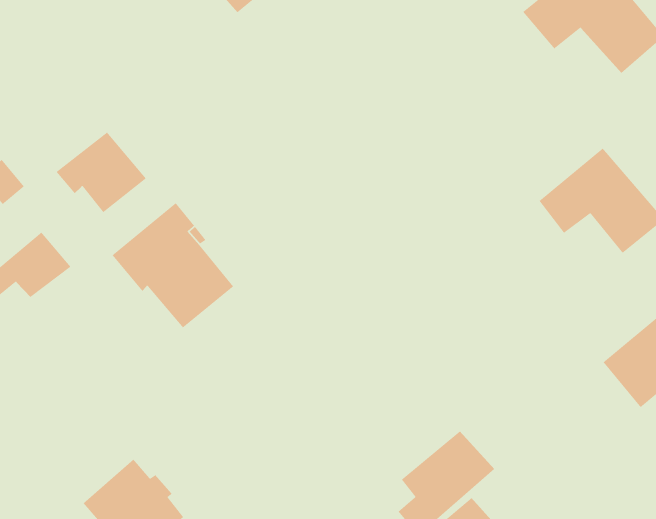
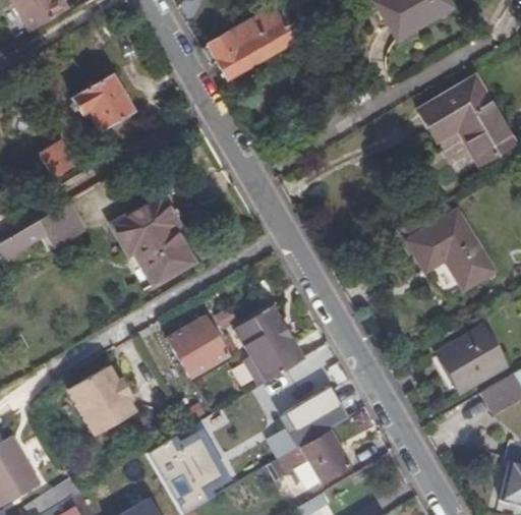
building: [56,131,147,213] -> [72,75,133,130]
building: none -> [236,307,304,385]
building: none -> [168,317,229,378]

